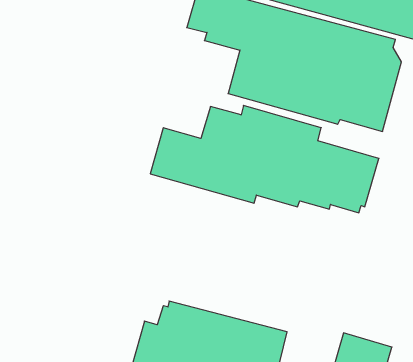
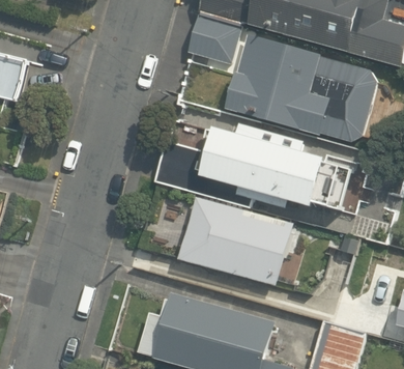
building: none -> [177,195,291,284]

